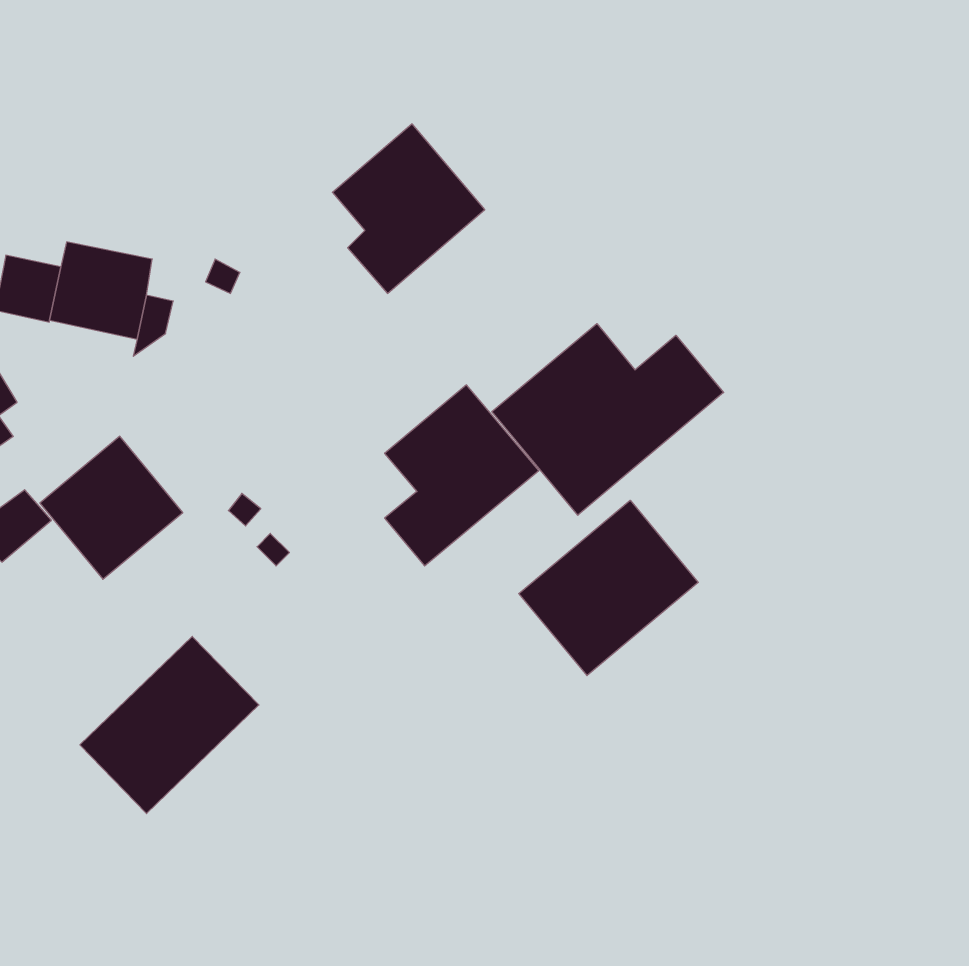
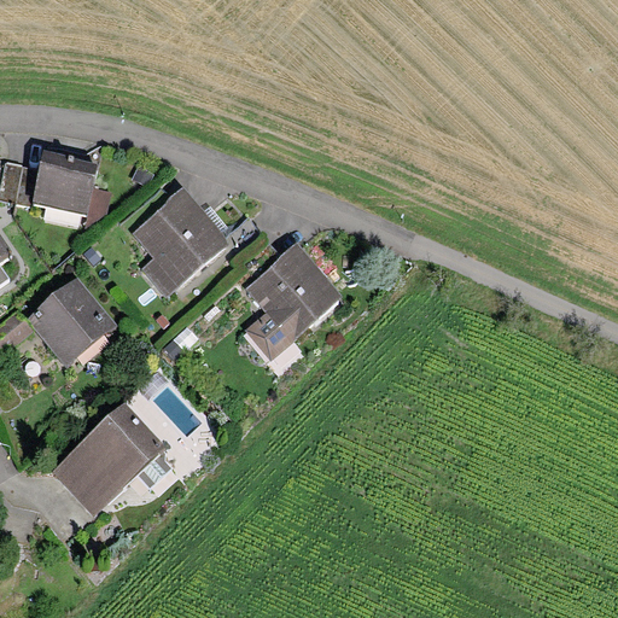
building: [332,124,485,293] -> [130,188,227,296]
building: [492,324,724,515] -> none
building: [519,500,698,676] -> none

